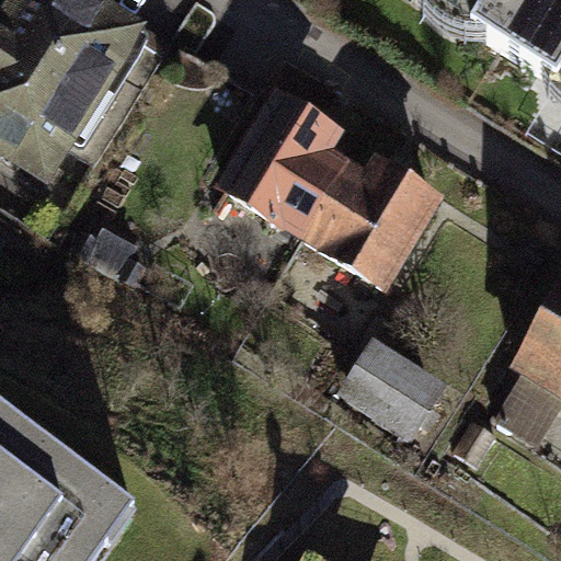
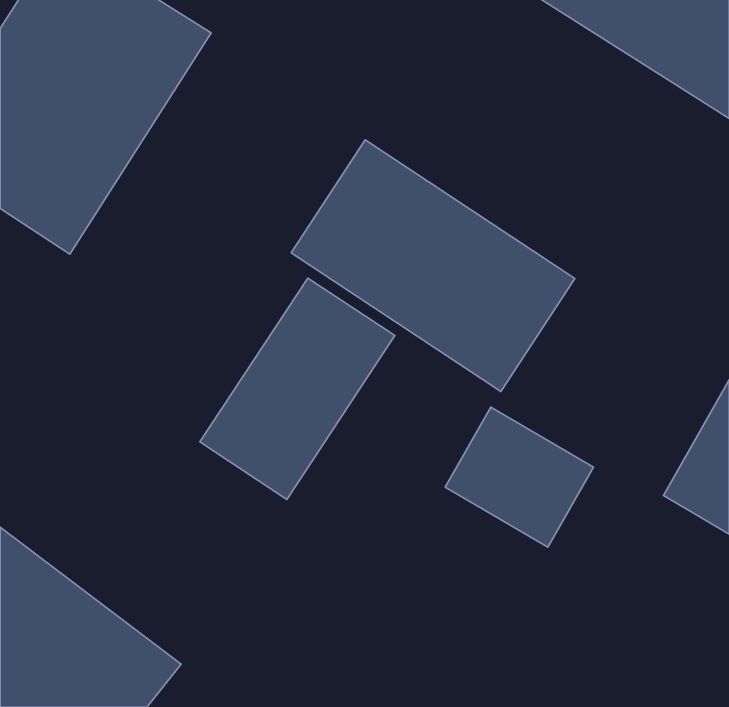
building: none -> [200,278,395,499]

